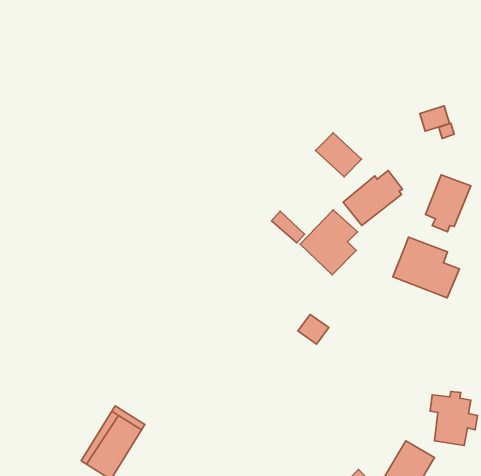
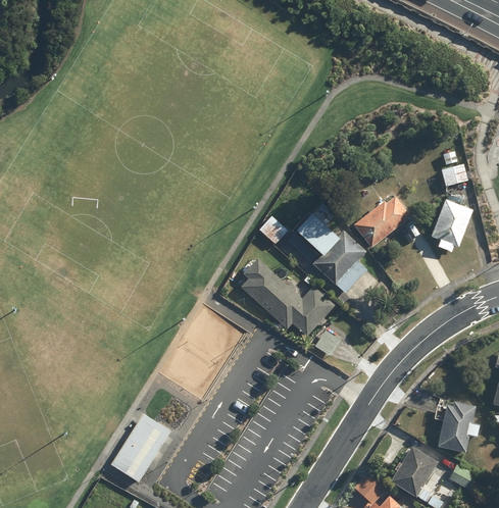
building: [420,106,450,131] -> [441,164,468,188]
building: [315,133,362,177] -> [296,213,339,254]
building: none -> [259,217,287,245]
building: [393,237,460,298] -> none
building: none -> [239,258,329,337]

